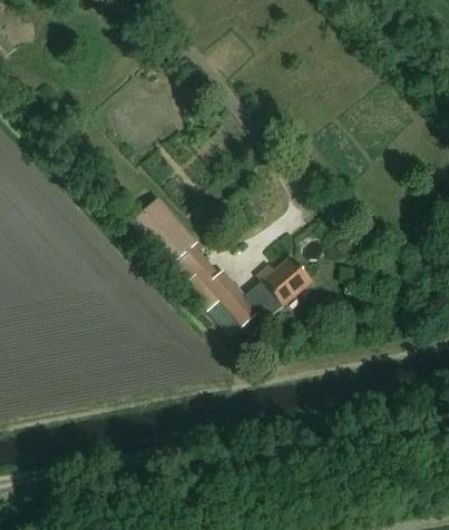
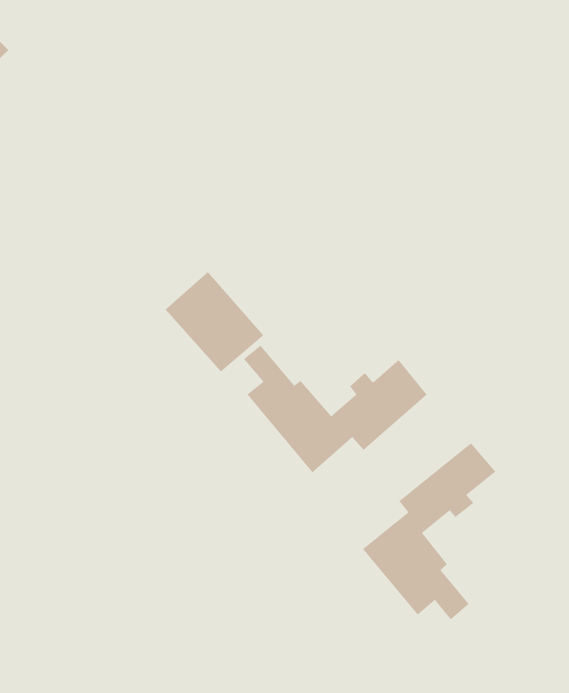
building: none -> [362,442,496,620]

